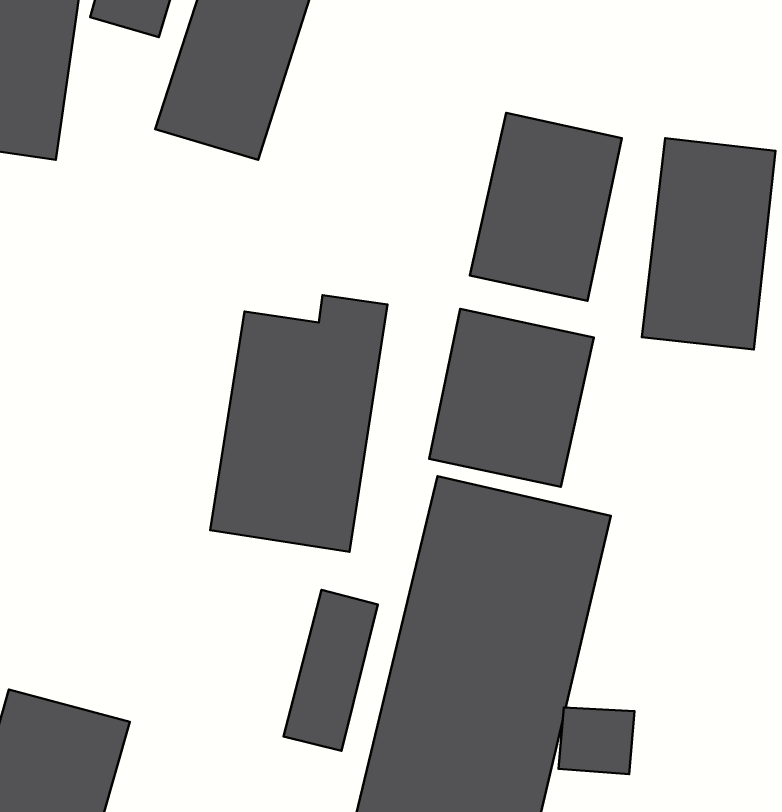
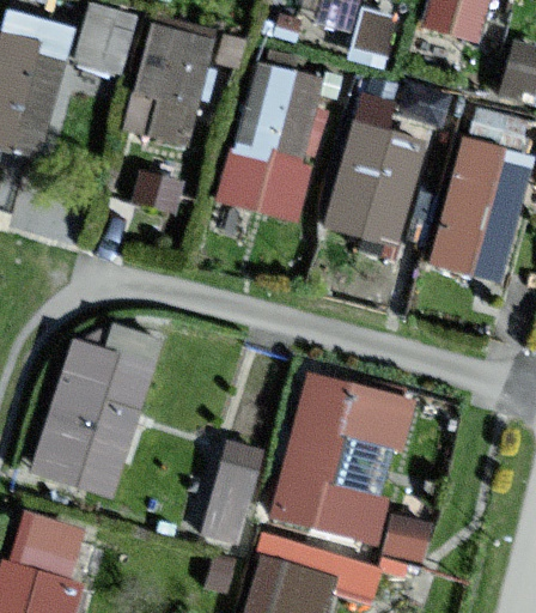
building: none -> [217,60,331,223]
building: [210,295,387,552] -> [38,324,156,494]
building: [429,309,594,487] -> none

